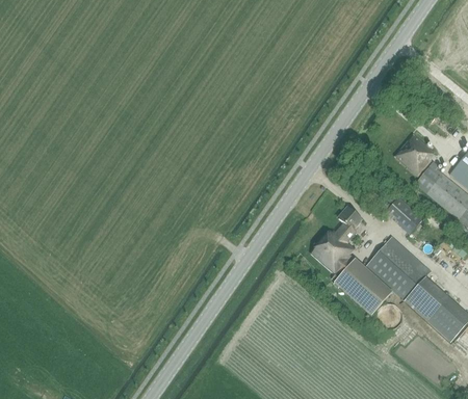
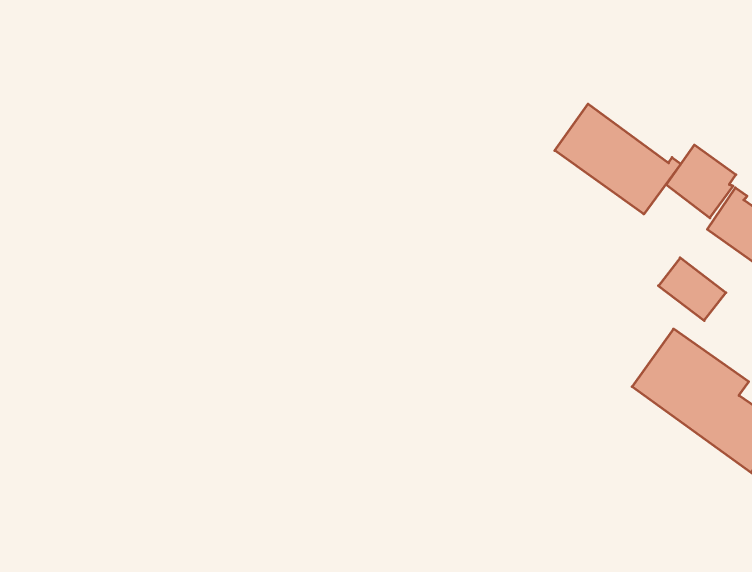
building: none -> [555,104,681,214]
building: [312,207,392,315] -> none

